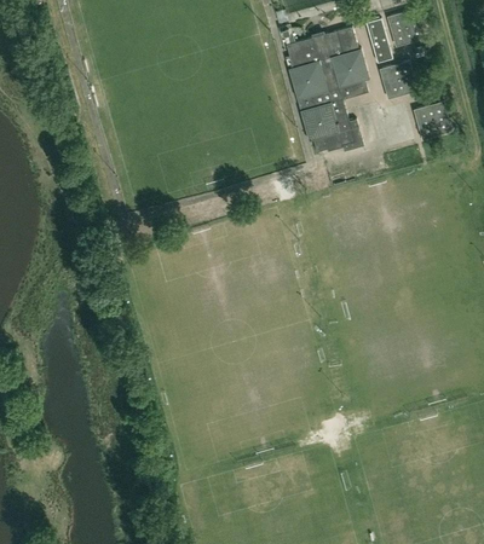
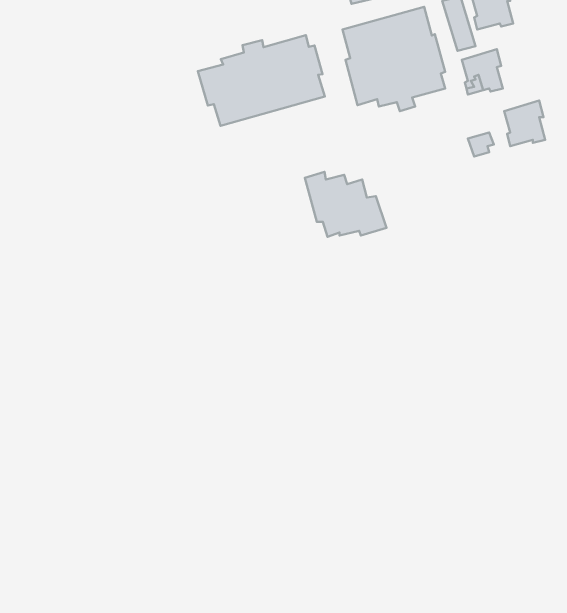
building: none -> [198,35,325,126]
building: [298,100,363,152] -> [305,172,386,237]

